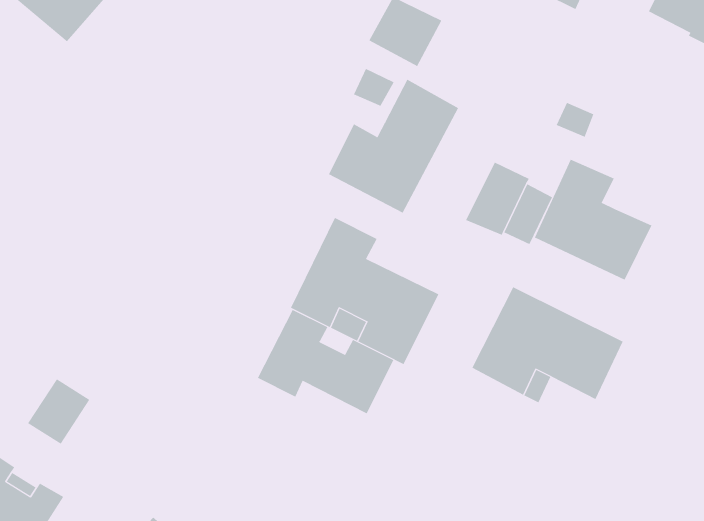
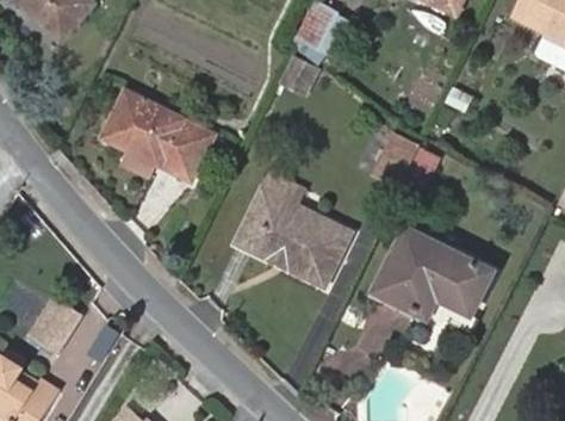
building: [328,79,459,213] -> none
building: none -> [104,92,212,180]
building: [534,159,652,281] -> none
building: [257,309,394,414] -> none

